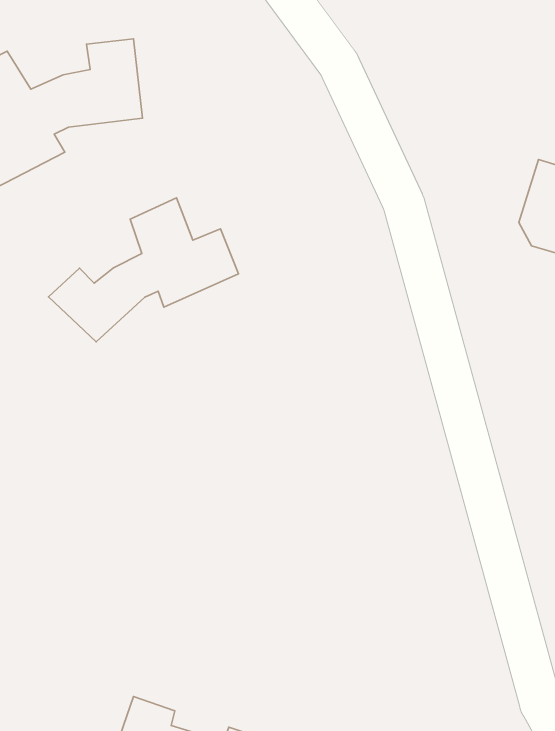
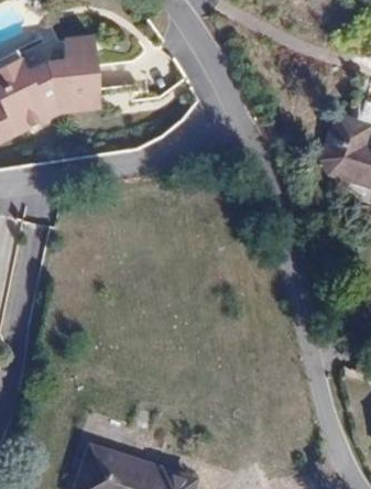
building: [49,198,238,342] -> none

